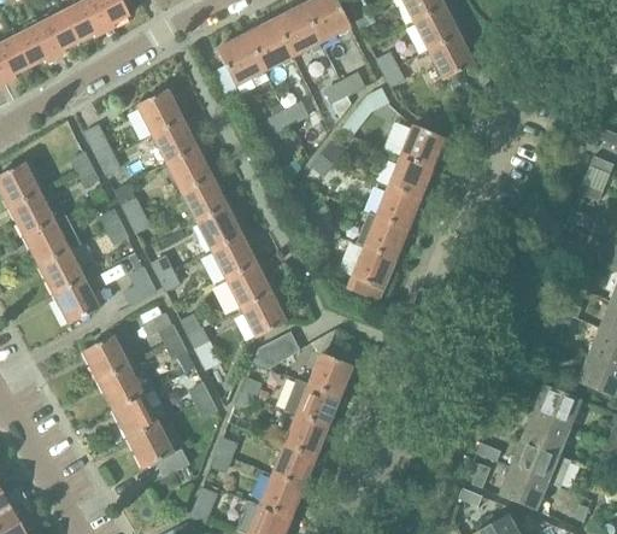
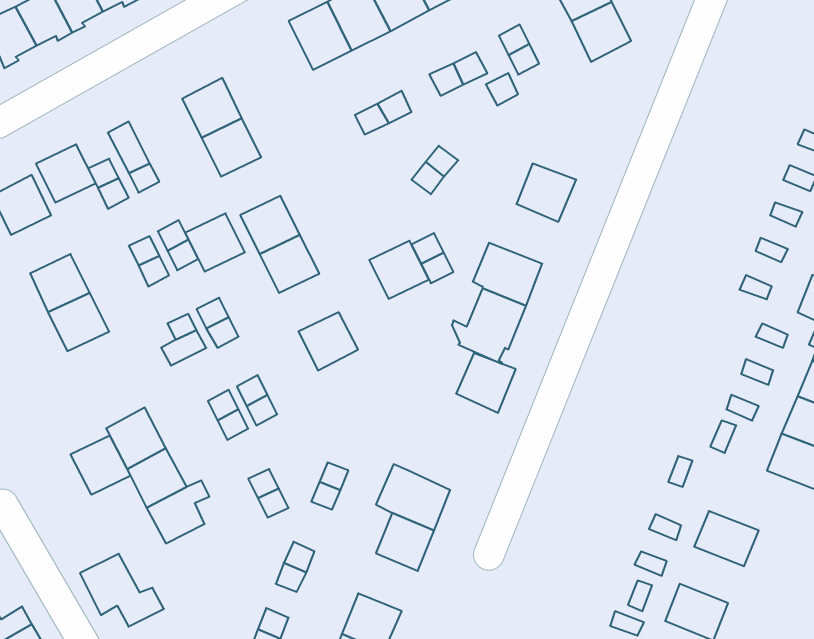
building: [400,124,443,166] -> none
building: [168,149,212,193] -> [185,213,245,272]
building: [368,184,419,229] -> none
building: [11,193,55,236] -> [36,144,96,203]
building: [211,236,255,280] -> [369,241,429,299]
building: [53,280,99,324] -> none
building: [234,293,283,338] -> none
building: [253,333,299,368] -> none
building: [307,353,352,398] -> [456,353,516,413]
building: none -> [71,436,131,495]
building: [531,386,580,428] -> none
building: [127,423,189,477] -> [80,554,164,627]
building: [510,440,570,487] -> none
building: [270,445,315,488] -> none

